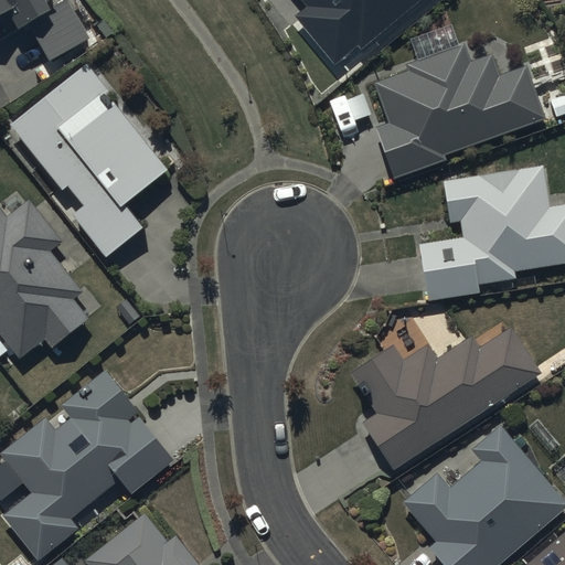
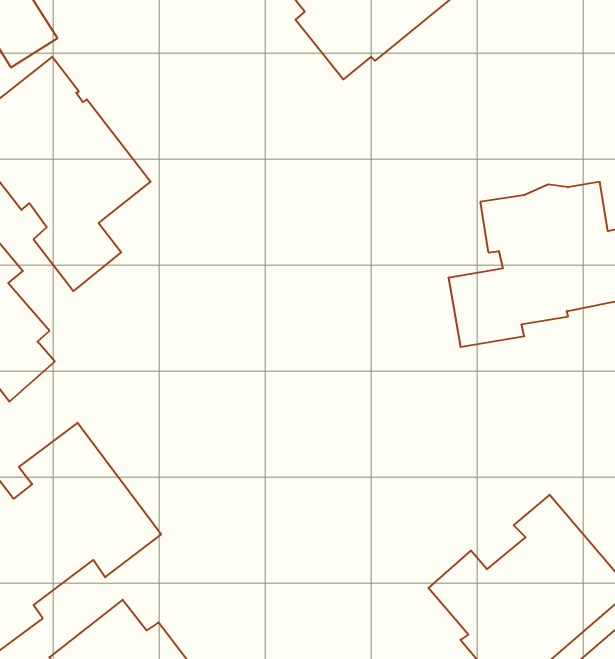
building: [372,44,544,179] -> none
building: [349,327,541,471] -> none

